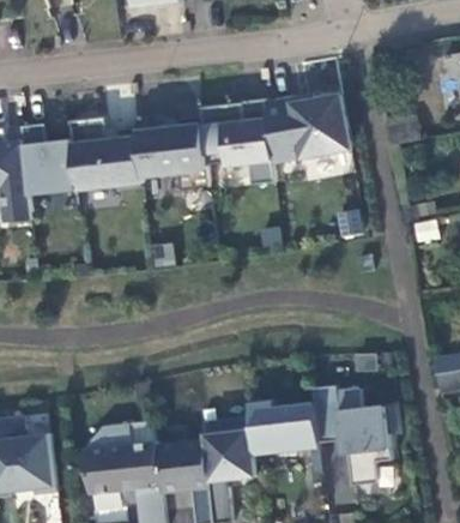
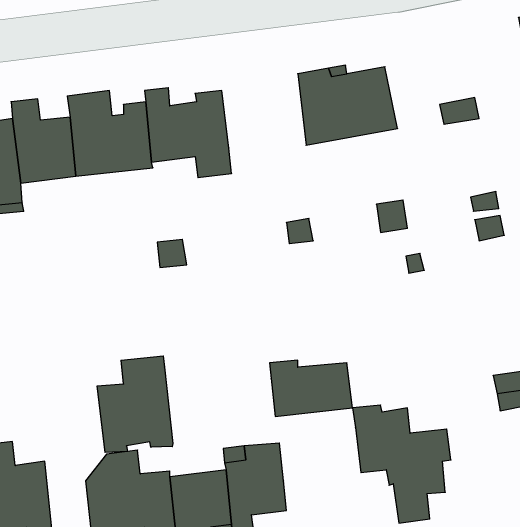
building: [200,100,276,185] -> none
building: none -> [97,356,173,452]
building: [249,402,320,450] -> [270,360,353,416]

